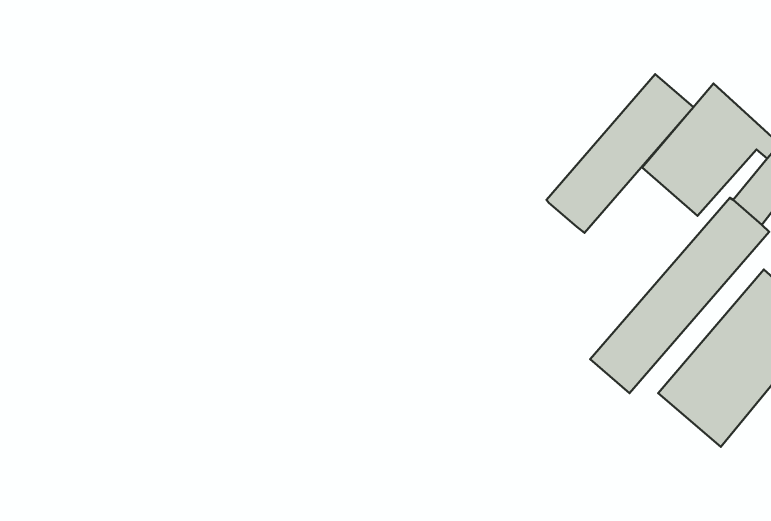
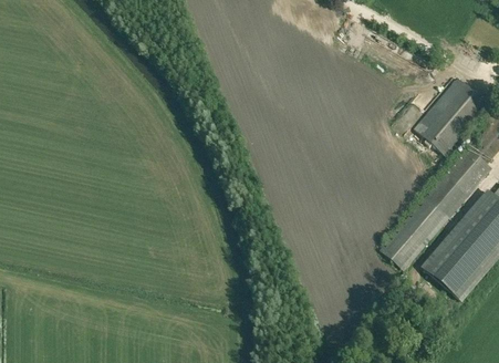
building: [546,74,693,233] -> none

